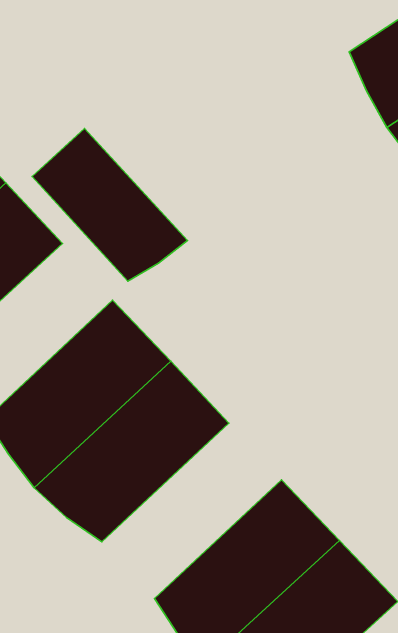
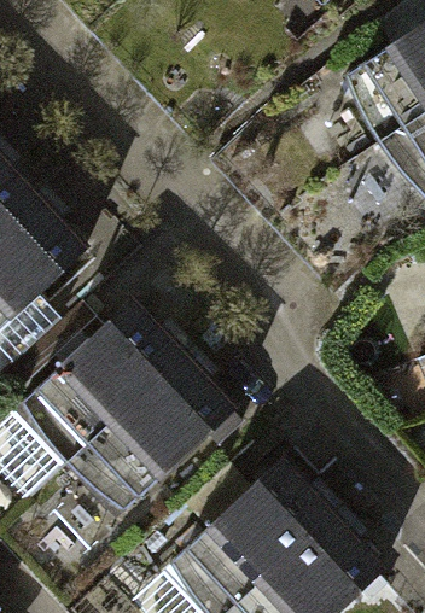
building: [32,129,187,281] -> none

